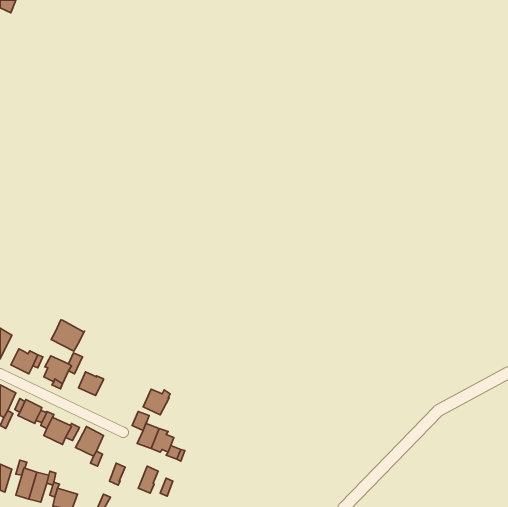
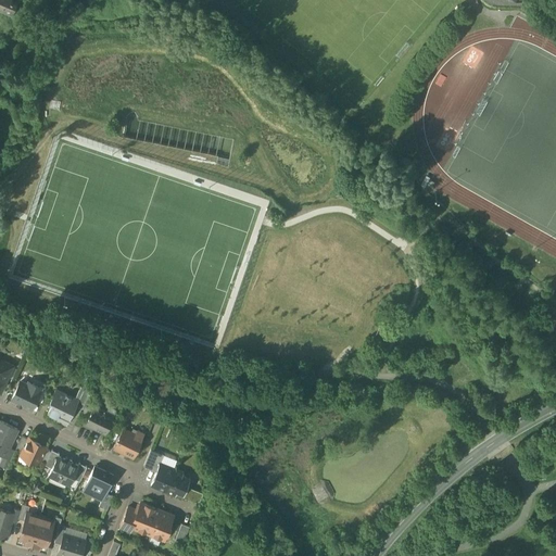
building: [51,320,84,351] -> none
building: [143,389,170,415] -> [114,429,143,457]
building: none -> [130,503,161,532]

